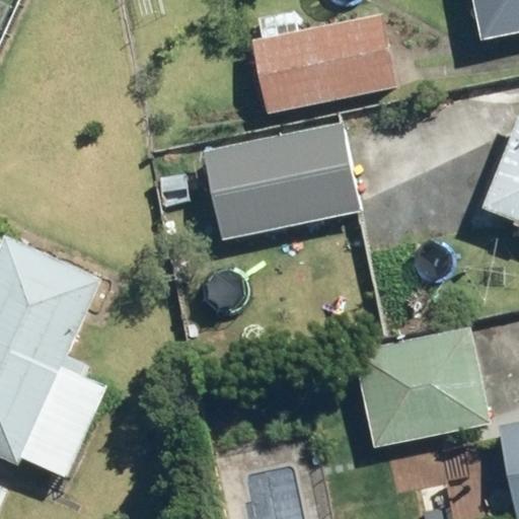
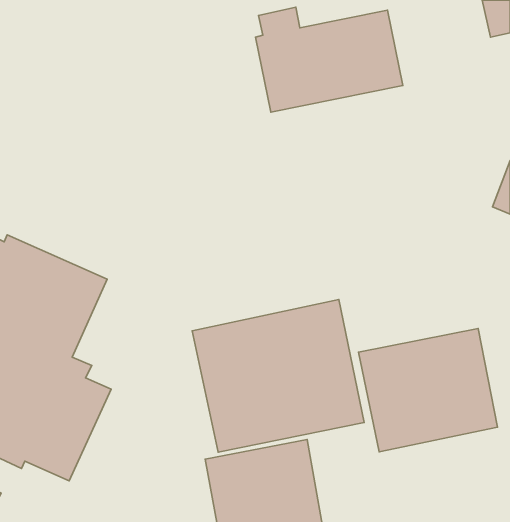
building: [204,123,360,241] -> none
building: none -> [192,299,364,452]

